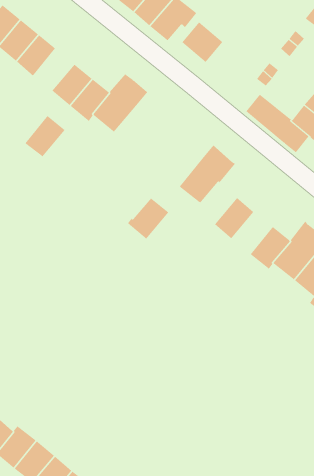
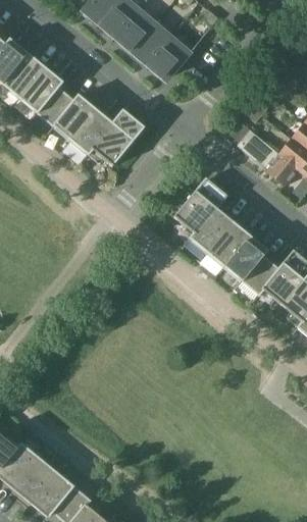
building: [182,22,223,63] -> none
building: [25,115,66,157] -> [36,86,74,125]
building: [127,197,169,239] -> [189,212,228,252]
building: none -> [223,241,262,280]

